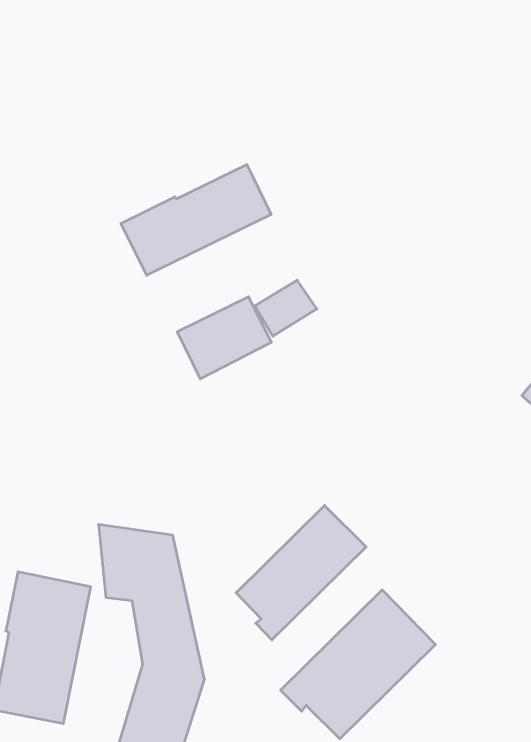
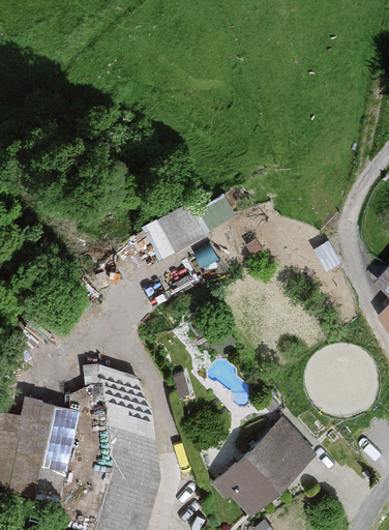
building: [121,165,271,275] -> none
building: [236,505,366,640] -> none

